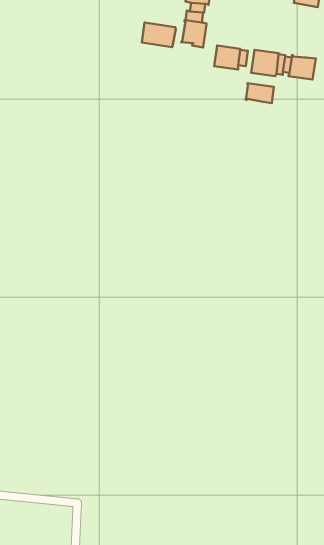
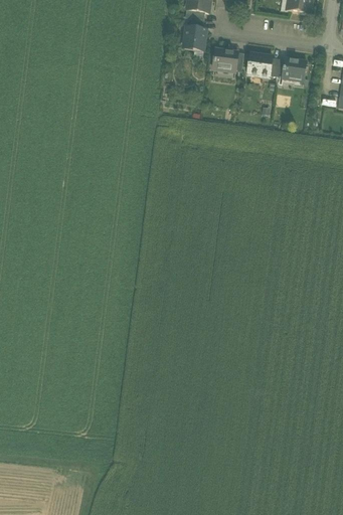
building: [142,23,176,47] -> none
building: [246,83,274,103] -> none

